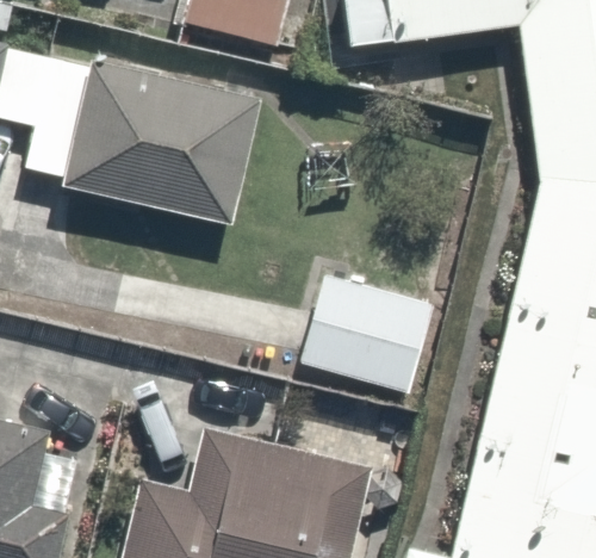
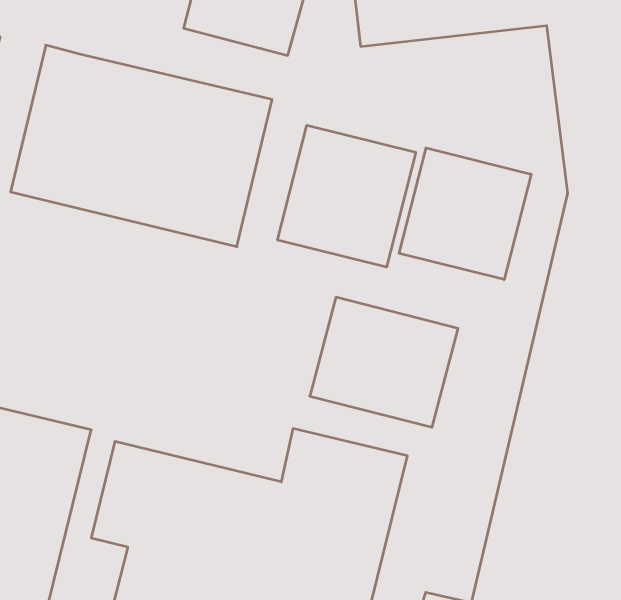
building: none -> [278,125,416,267]
building: none -> [399,148,531,280]

